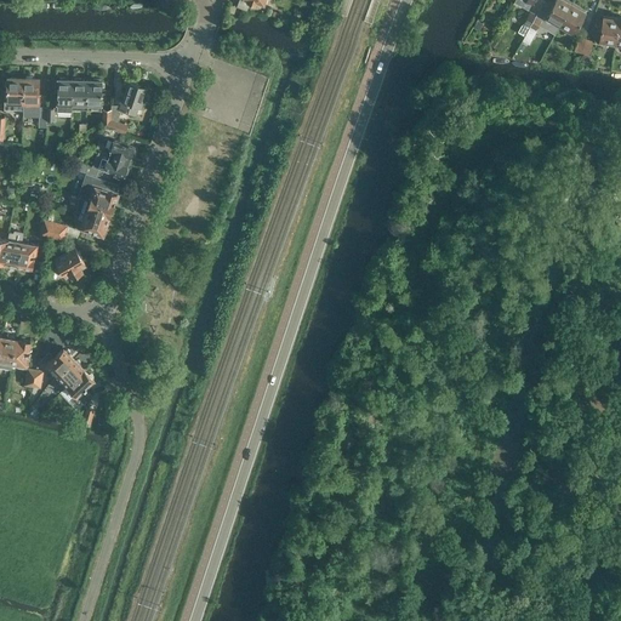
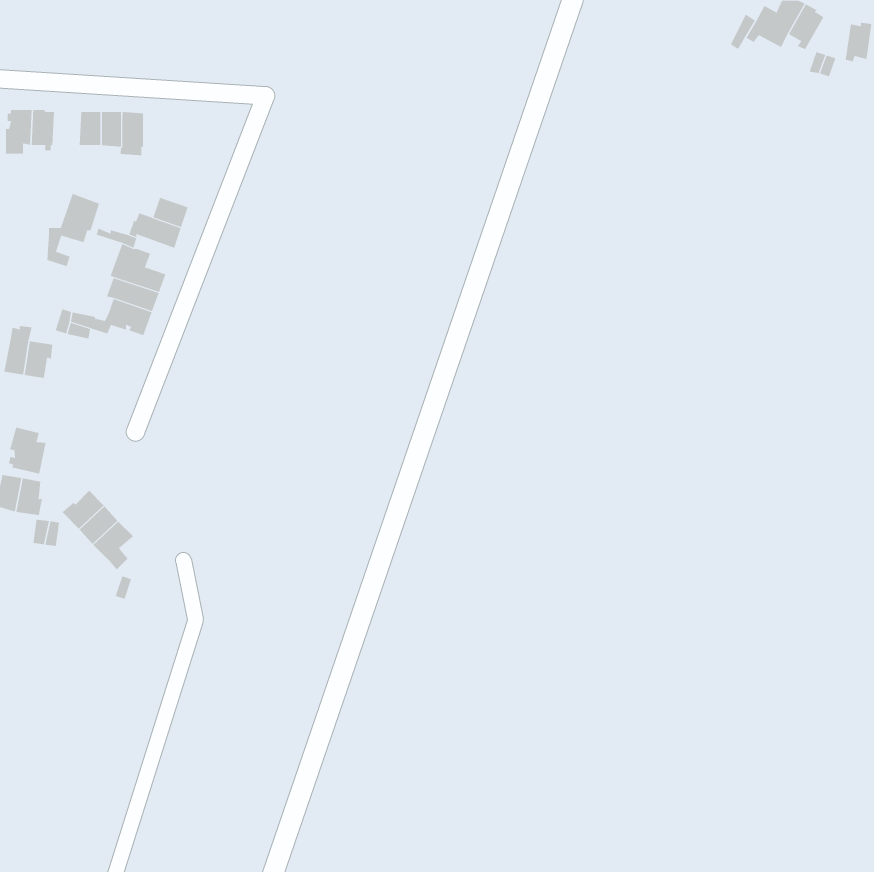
building: [109,82,147,135] -> [47,193,100,267]
building: [53,249,84,280] -> none
building: none -> [8,427,46,474]

